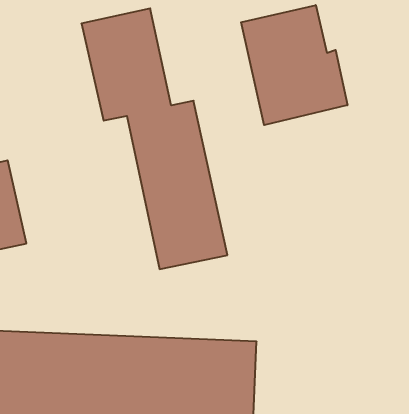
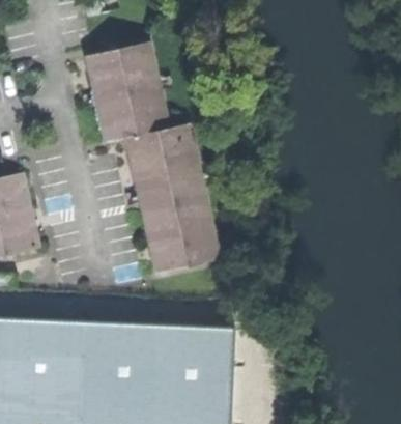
building: [241,5,347,125] -> none

